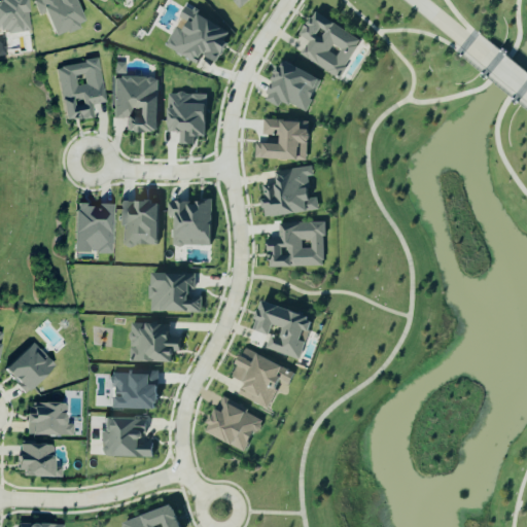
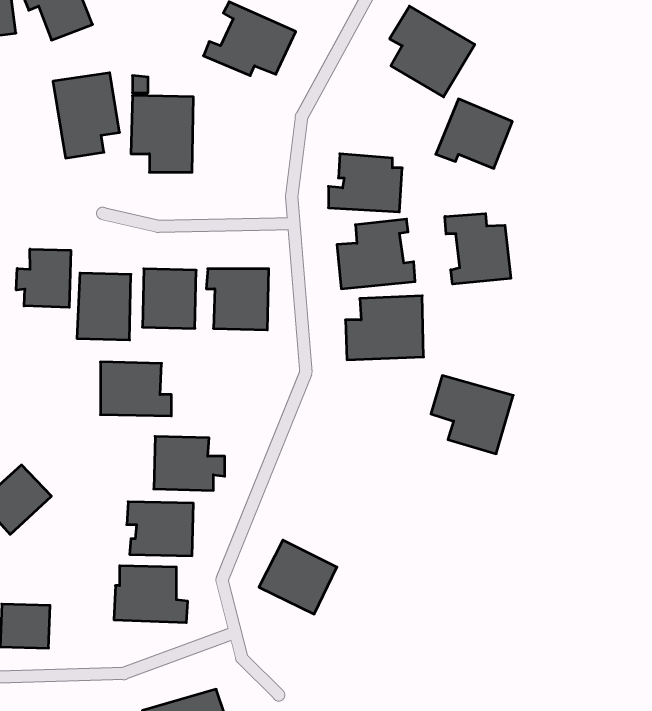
building: [266,60,321,110] -> [436,99,512,168]
building: [168,92,208,143] -> none
building: none -> [445,214,511,284]
building: none -> [16,249,71,307]
building: [150,272,202,311] -> [100,362,171,416]
building: [254,302,314,358] -> [431,376,513,454]
building: [233,348,295,408] -> none
building: [28,402,73,435] -> none

